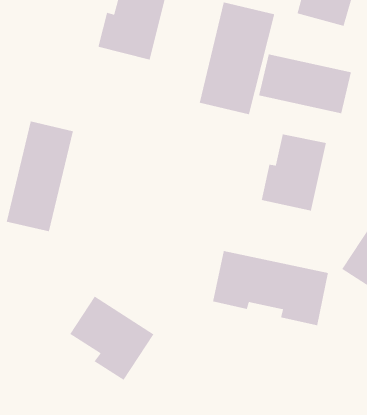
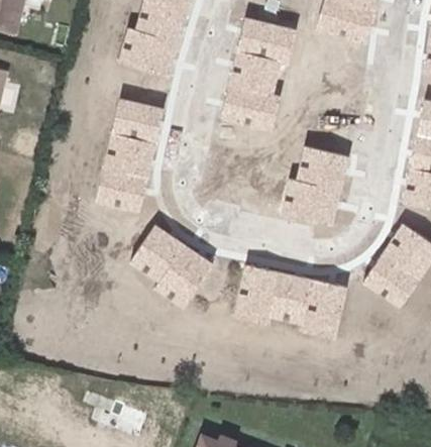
building: [258,53,352,114] -> none
building: [6,121,74,232] -> [96,100,164,211]
building: [69,296,154,381] -> [130,224,215,309]

